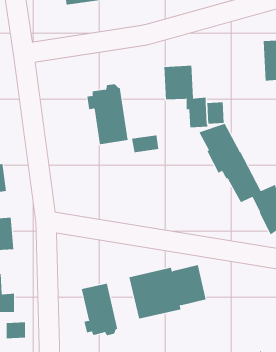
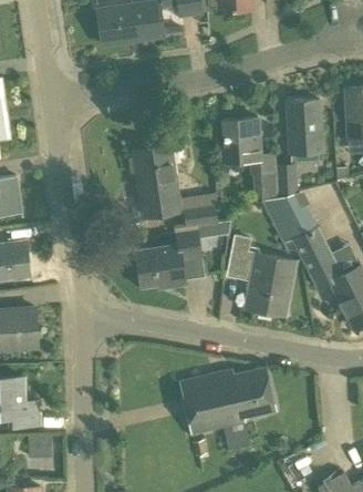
building: none -> [287,101,323,154]
building: none -> [135,229,200,287]
building: none -> [228,235,295,317]
building: [81,283,118,336] -> none

